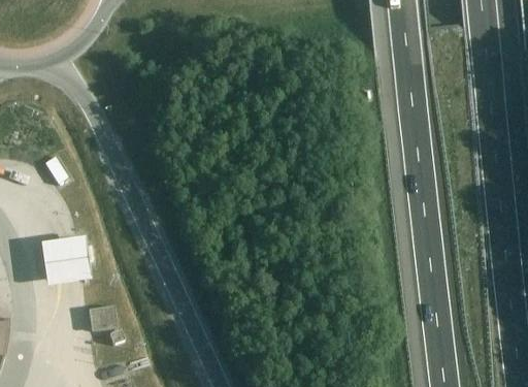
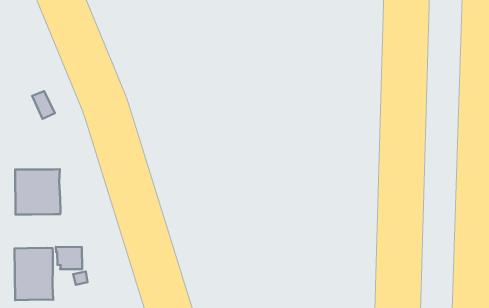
building: none -> [14,248,53,300]

